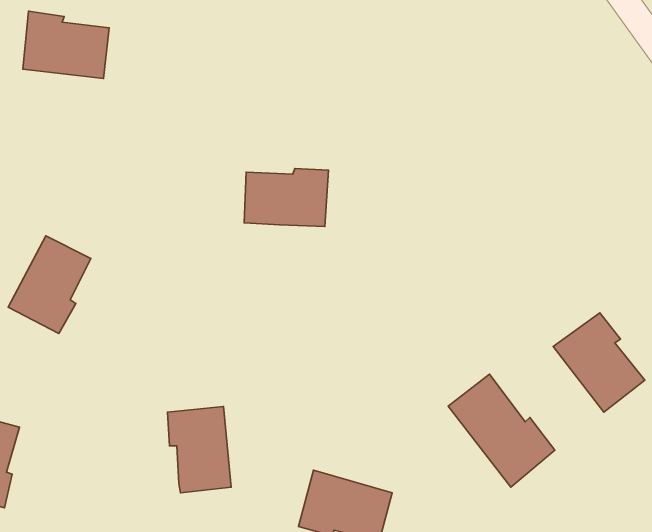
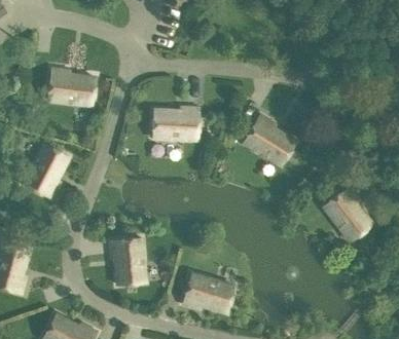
building: [23,11,109,79] -> [47,68,95,105]
building: none -> [243,115,295,164]
building: [448,374,555,487] -> none

